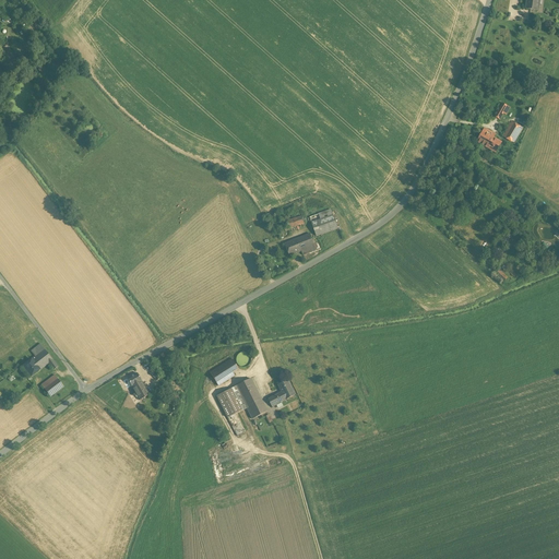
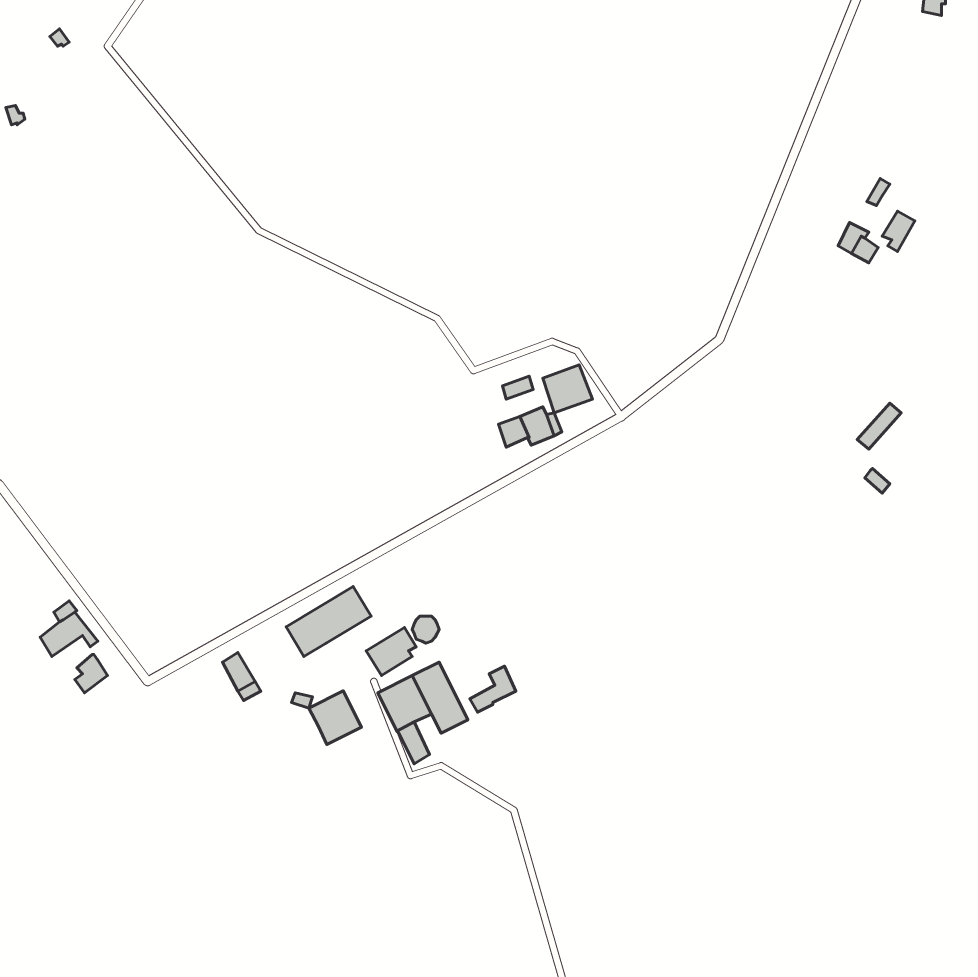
building: none -> [286,587,371,657]
building: none -> [309,691,361,745]

